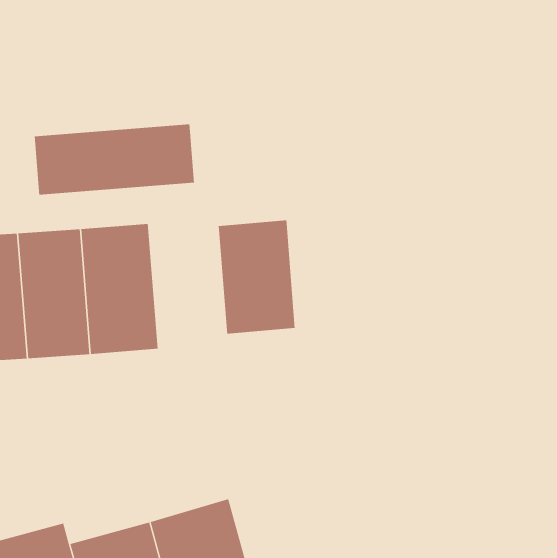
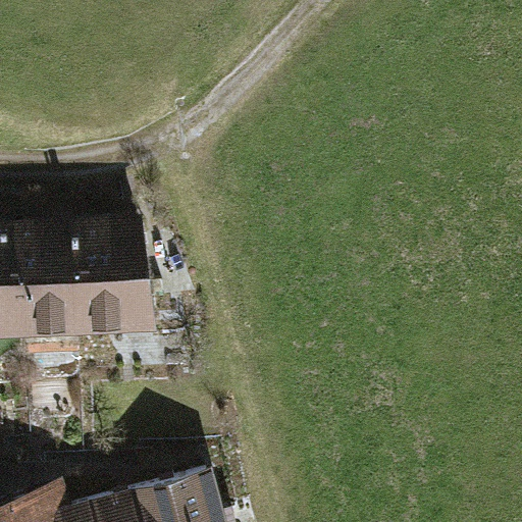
building: [34,123,194,196] -> none
building: [218,219,295,335] -> none

